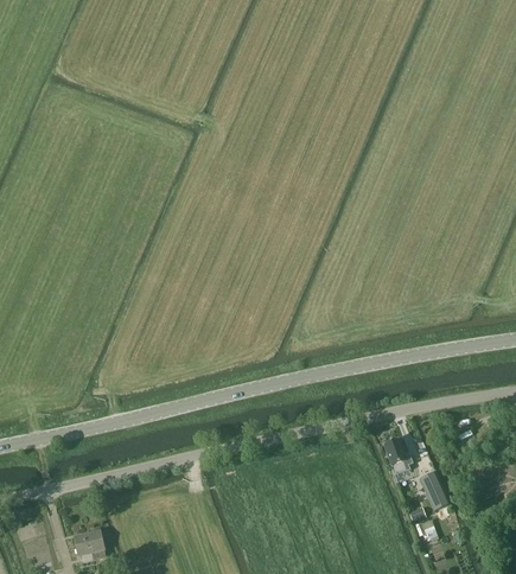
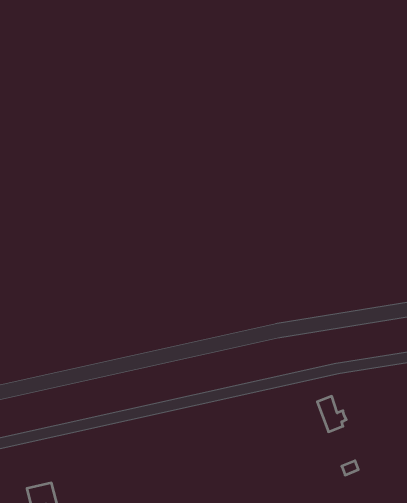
building: [420,471,450,510] -> none

